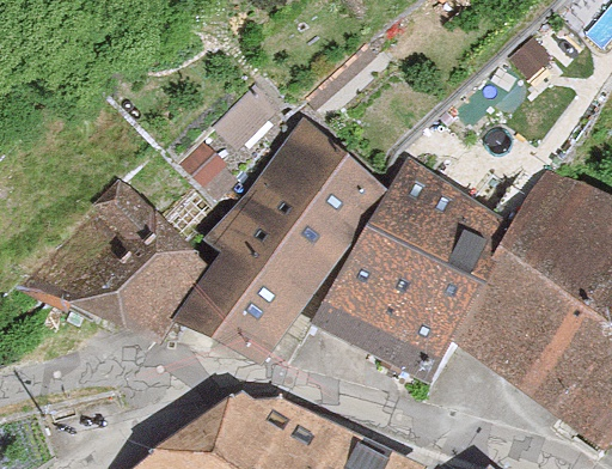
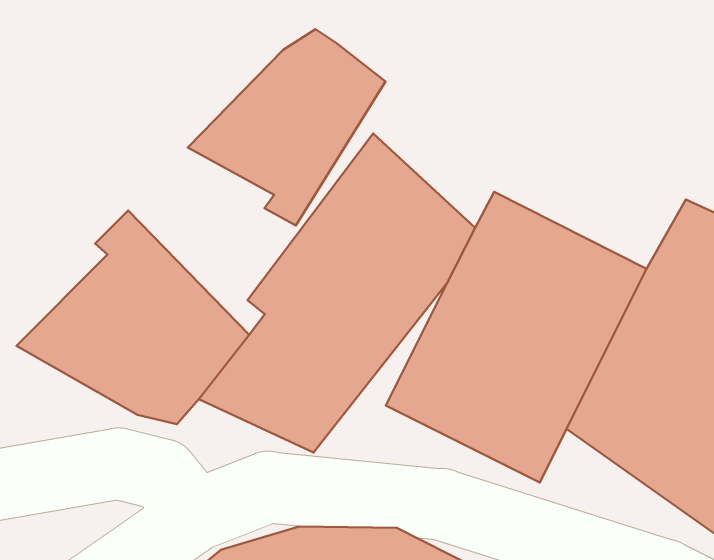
building: none -> [188,29,386,225]

